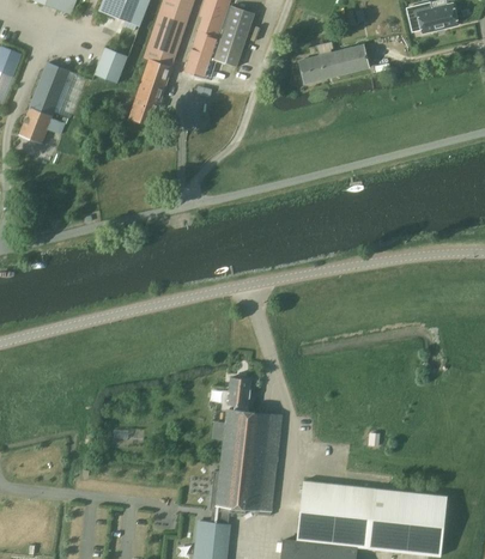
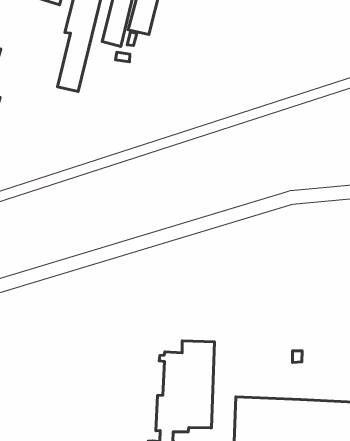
building: [298,41,369,84] -> none
building: [95,47,128,84] -> none
building: [226,377,251,425] -> none

